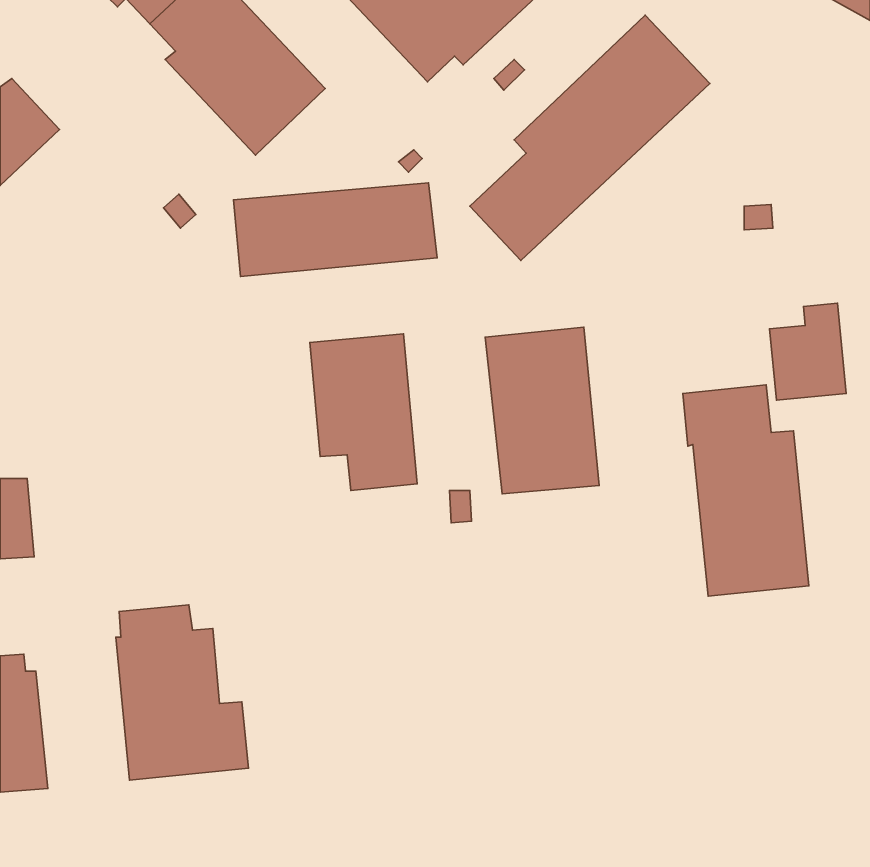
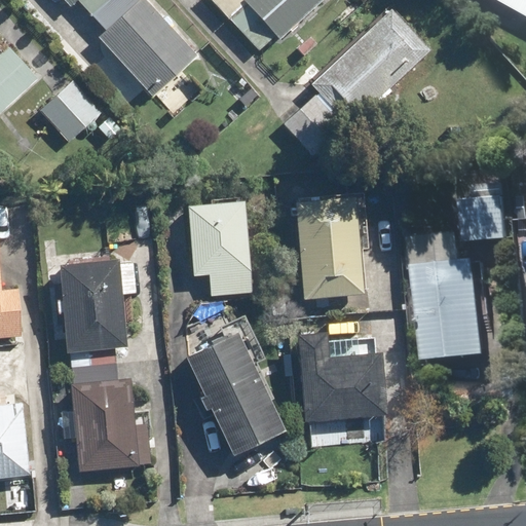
building: none -> [40,81,100,140]
building: [234,183,437,277] -> none
building: none -> [58,260,135,369]
building: none -> [186,308,284,457]
building: none -> [297,333,385,448]

